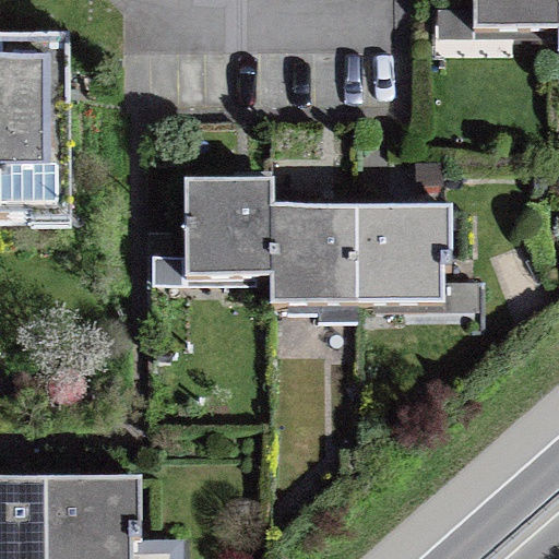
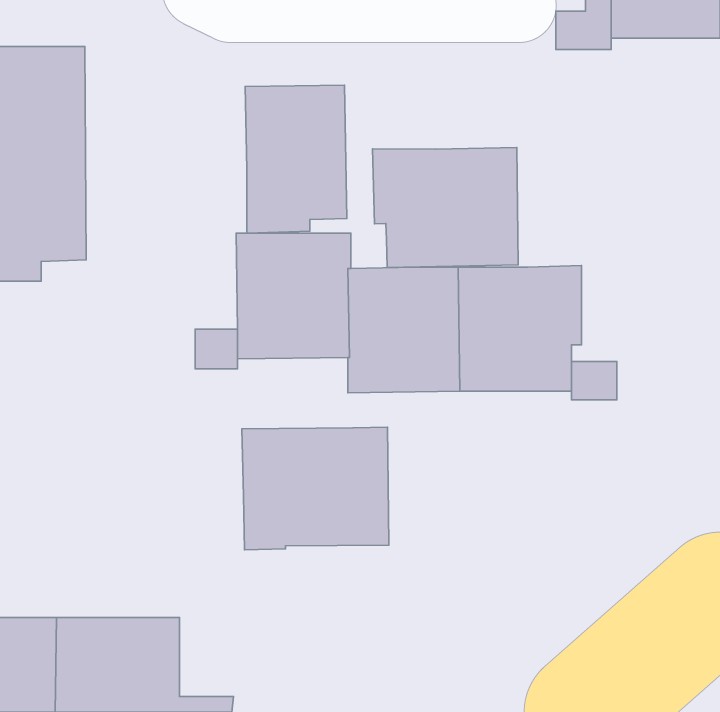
building: none -> [245,85,347,233]
building: none -> [372,147,518,268]
building: none -> [242,427,389,550]

